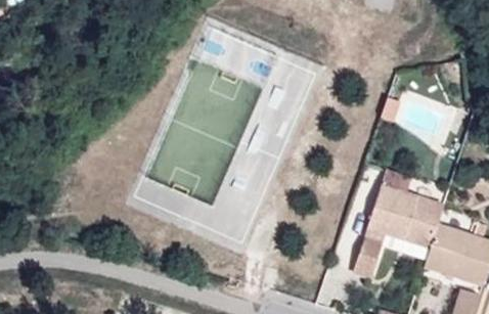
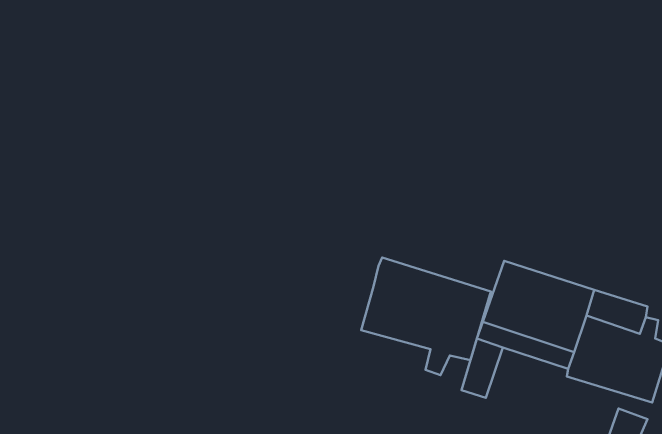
building: none -> [361,258,491,375]

